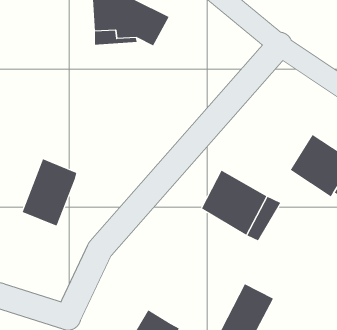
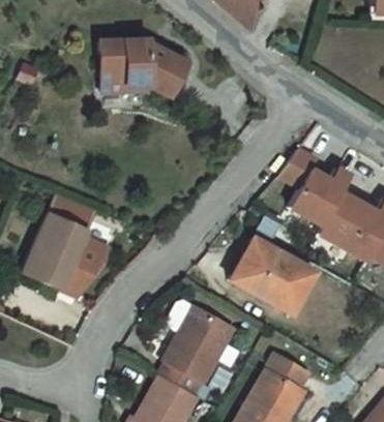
building: none -> [286,145,355,228]
building: none -> [48,195,94,231]
building: none -> [64,238,110,295]
building: none -> [163,303,234,397]

